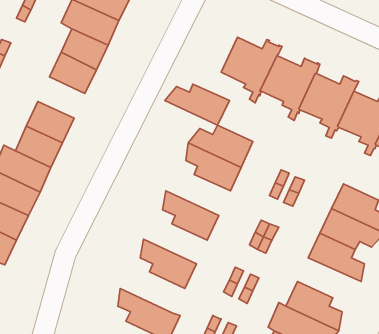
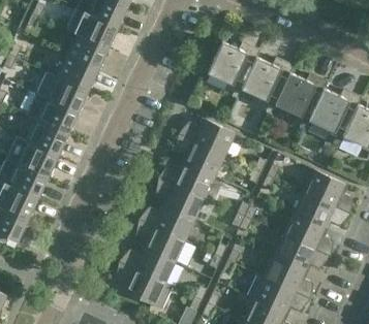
building: none -> [36,72,87,112]
building: [165,84,229,125] -> [158,162,215,198]
building: none -> [139,205,194,240]
building: none -> [274,235,330,270]
building: none -> [118,248,175,284]

